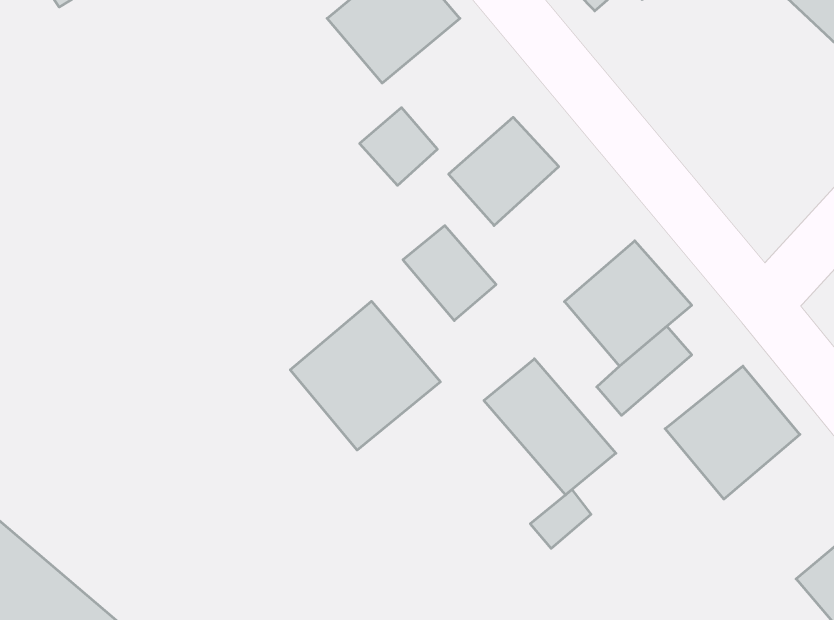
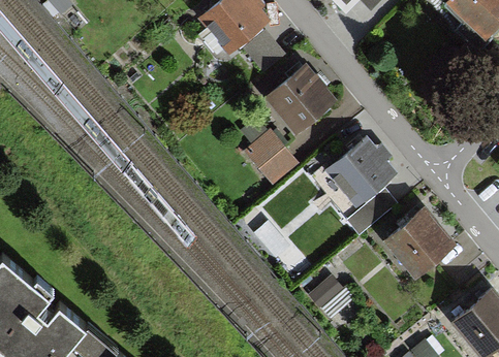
building: [360,108,437,185] -> [243,27,285,69]
building: [290,301,440,450] -> none
building: [484,359,616,495] -> none

